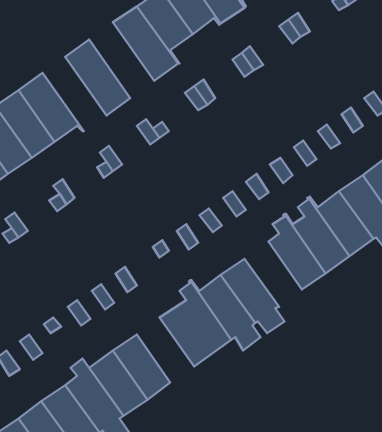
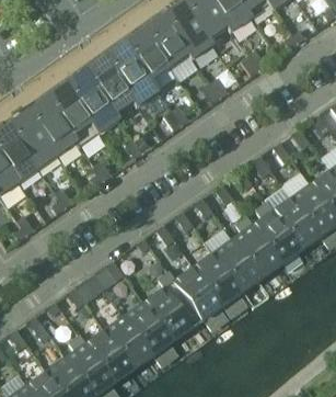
building: none -> [84,57,138,120]
building: none -> [46,86,99,147]
building: none -> [212,238,259,292]
building: none -> [124,300,176,363]

